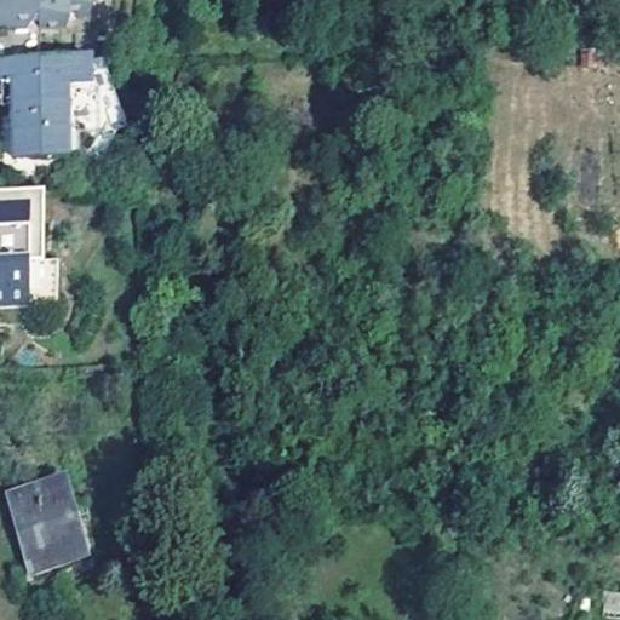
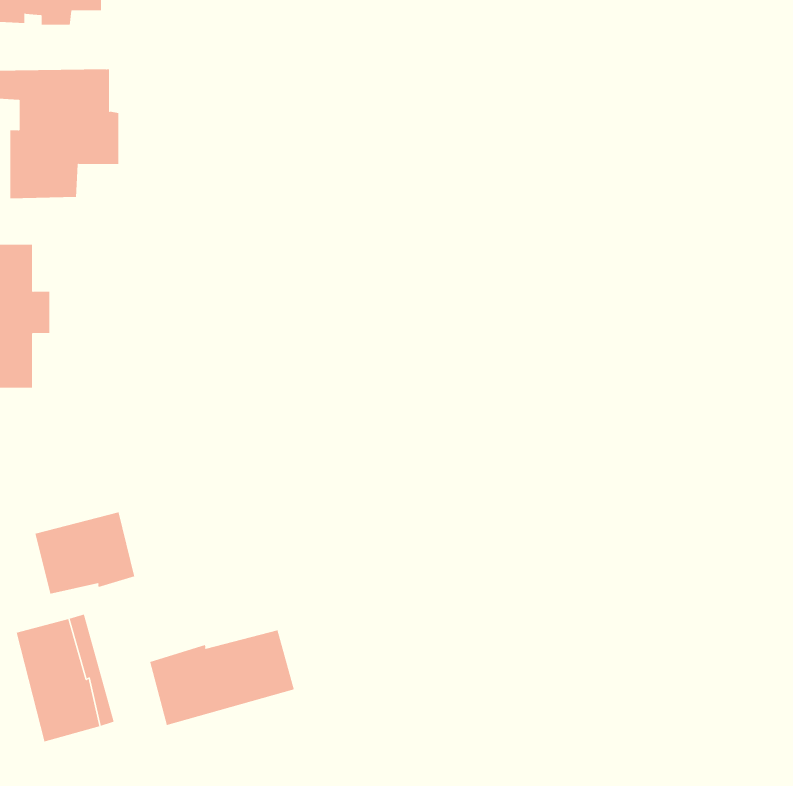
building: none -> [35,512,135,594]
building: none -> [150,630,295,726]

